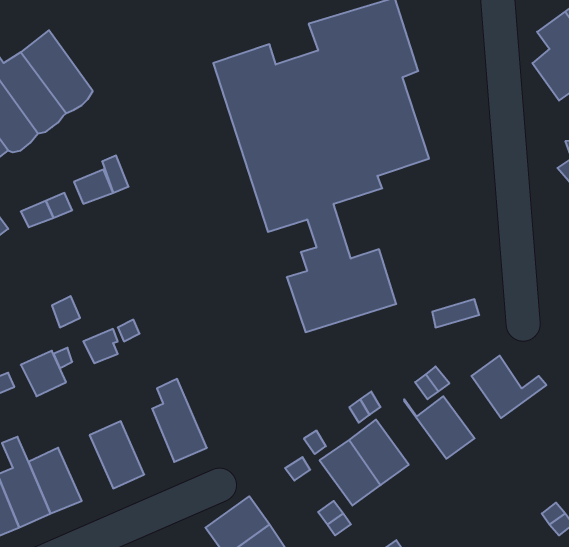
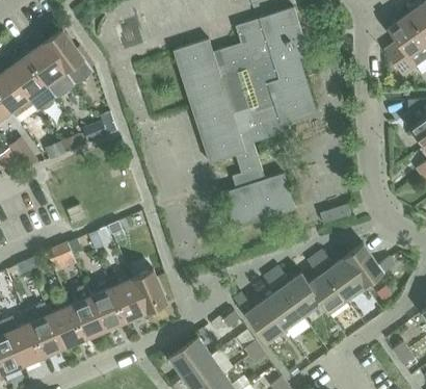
building: none -> [326,257,365,299]
building: none -> [282,274,328,316]
building: none -> [112,279,148,322]
building: none -> [71,283,107,340]

